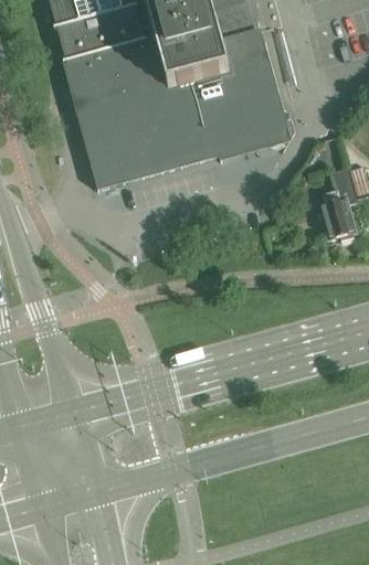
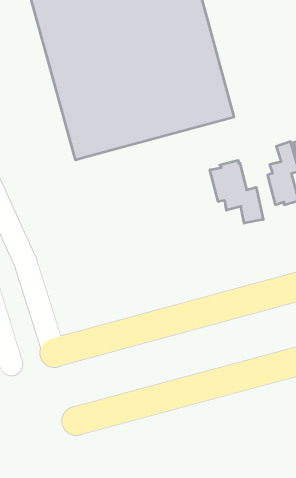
building: none -> [210,160,263,223]

